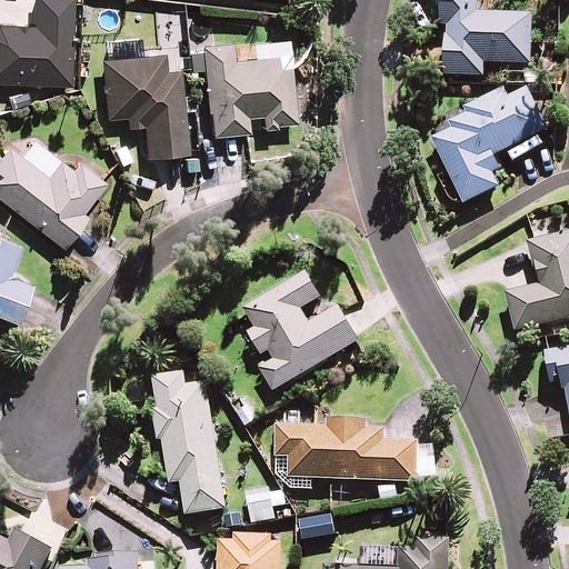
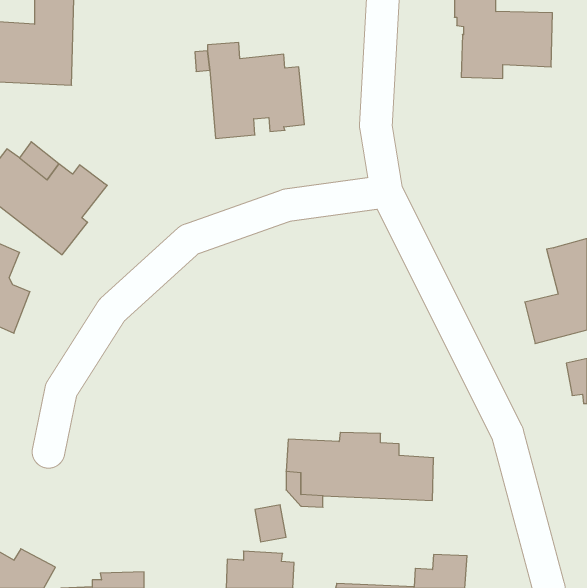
building: [100,51,184,153] -> none
building: [432,87,548,202] -> none
building: [243,271,360,390] -> none
building: [152,371,226,515] -> none

